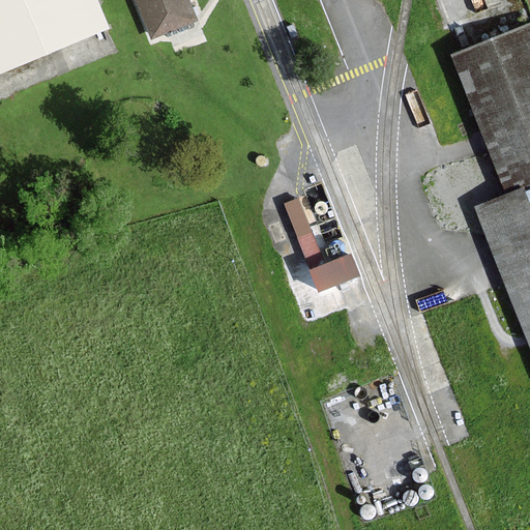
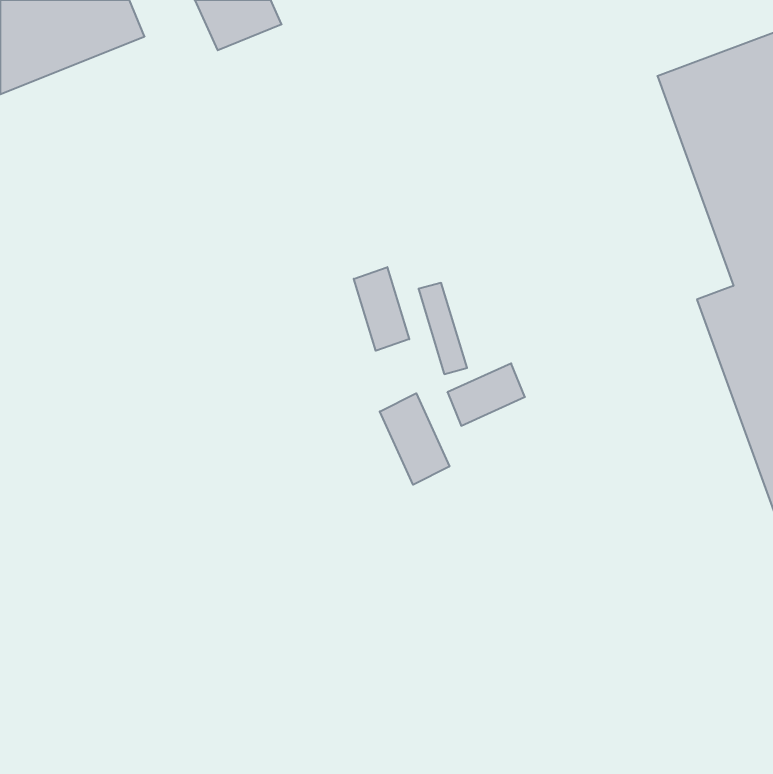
building: none -> [354,267,409,351]
building: none -> [380,393,449,485]

